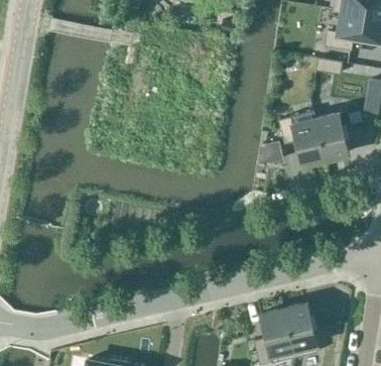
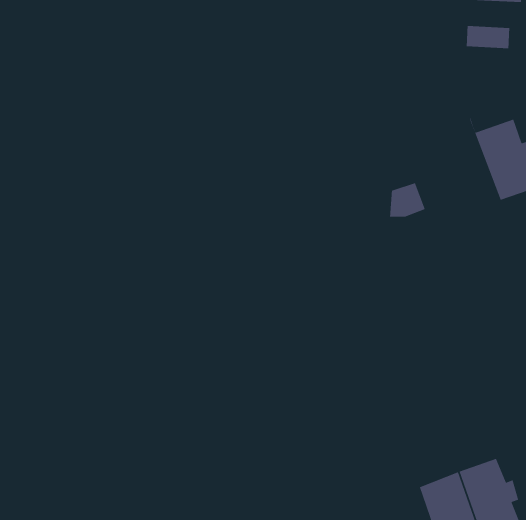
building: [279,111,326,164] -> none

